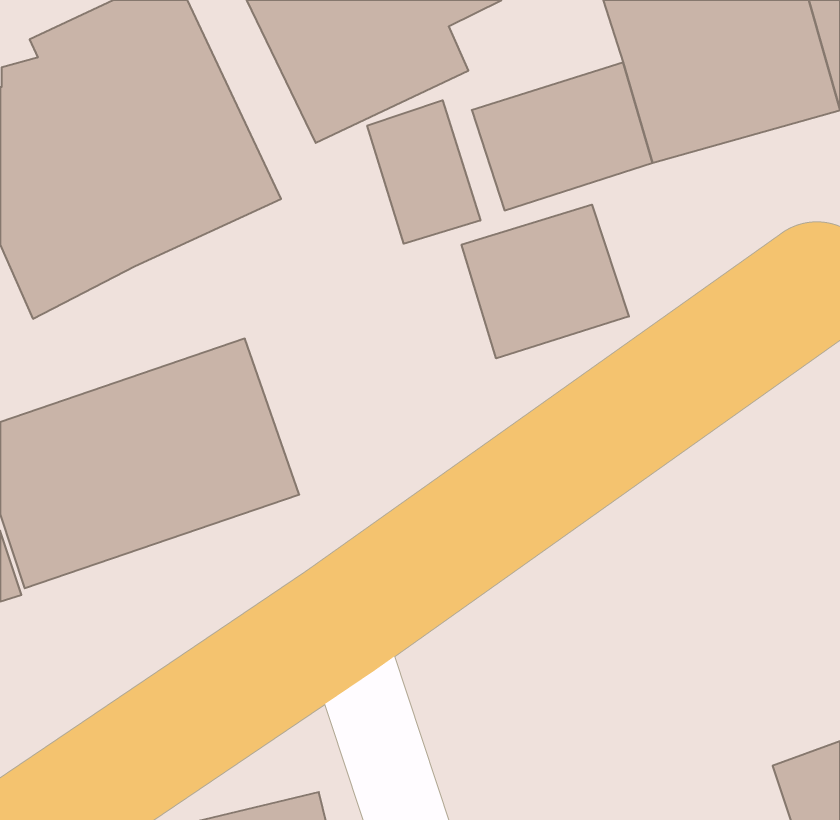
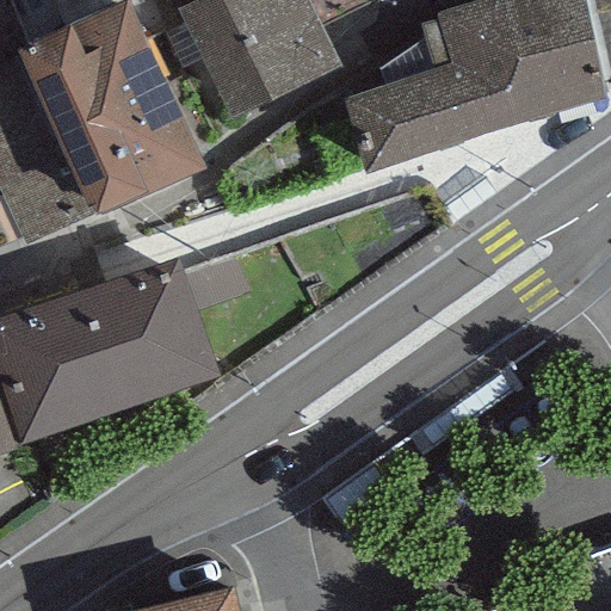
building: [367,100,480,244] -> none
building: [462,205,629,358] -> none

